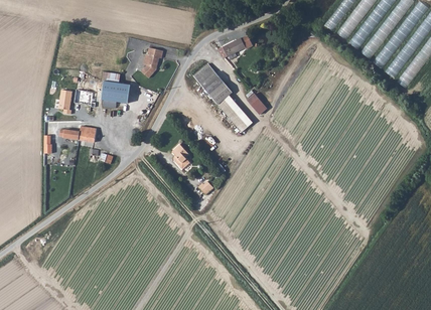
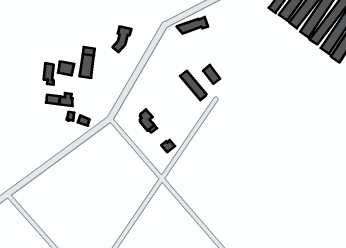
building: [195,64,235,106] -> none

